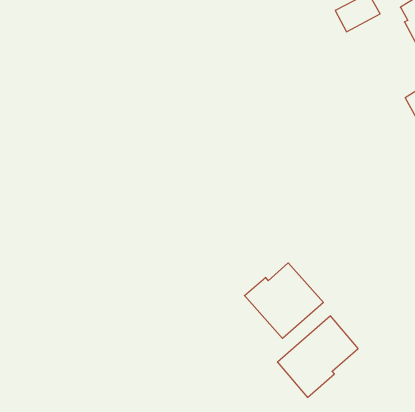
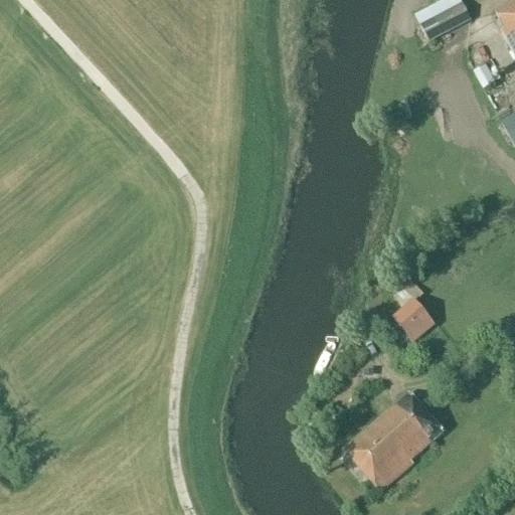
building: none -> [394,300,434,340]
building: [244,263,323,338] -> none

